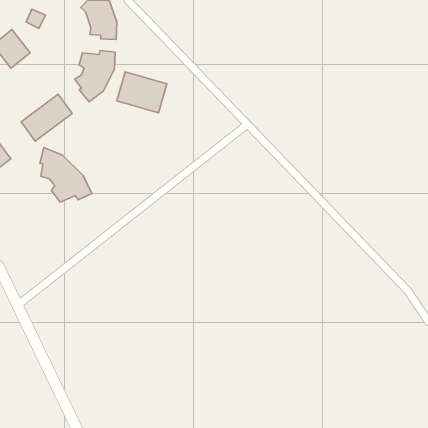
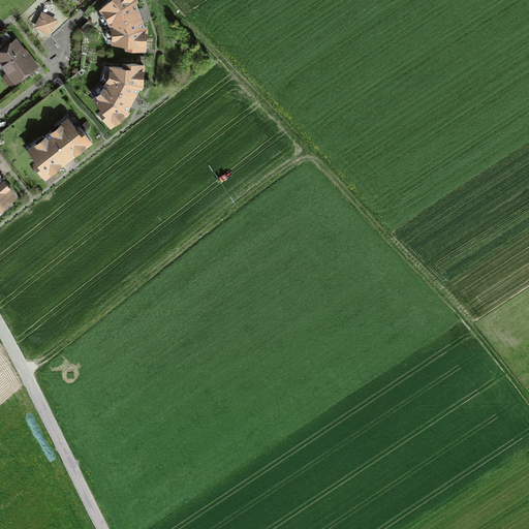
building: [117,72,167,113] -> none
building: [40,147,92,202] -> none

